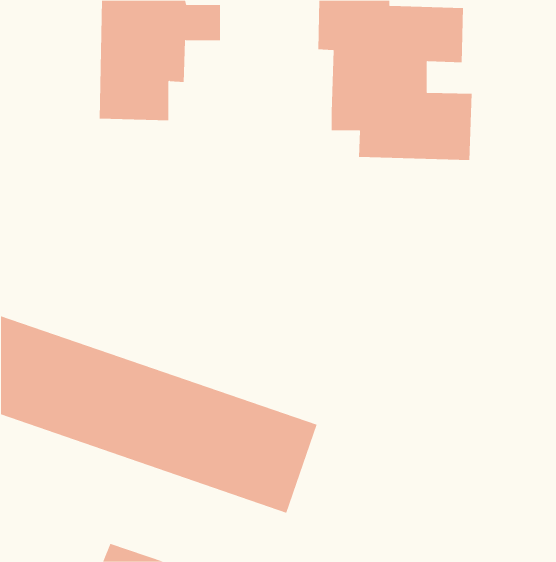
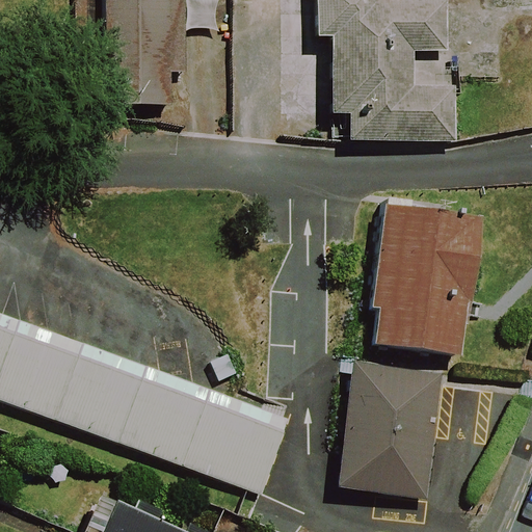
building: none -> [377,197,489,351]
building: none -> [331,366,440,508]

